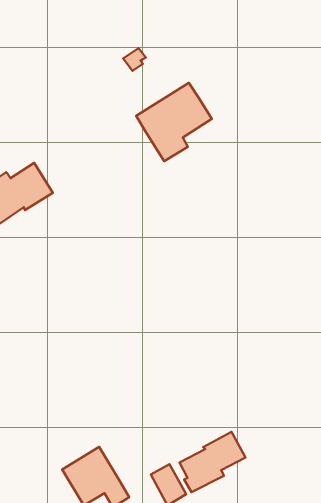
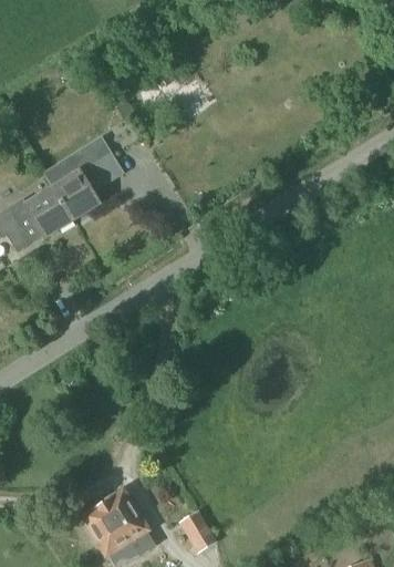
building: [136,83,212,161] -> [44,135,125,219]
building: [179,432,246,492] -> none

